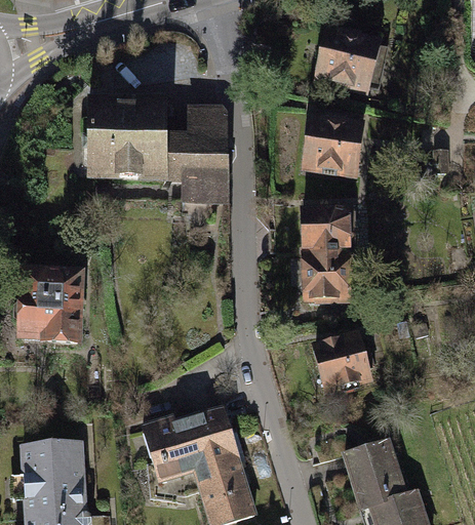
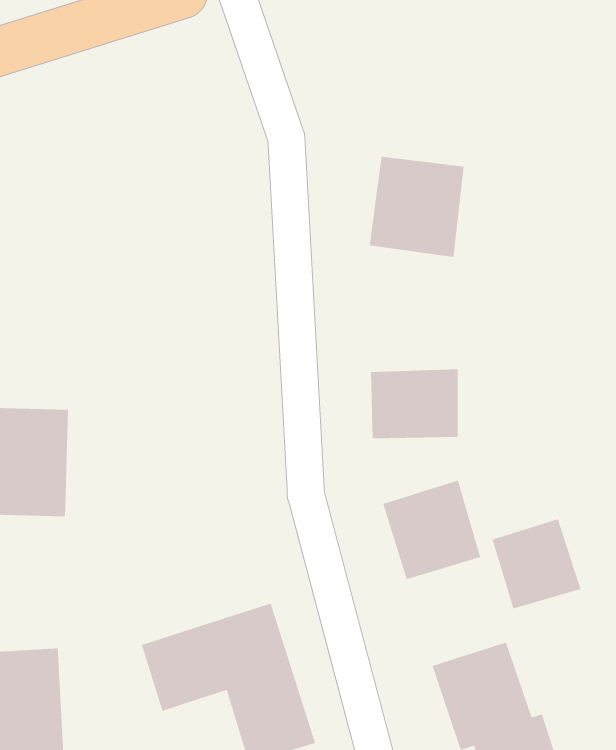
building: [309,21,380,93] -> none
building: [85,104,227,186] -> none
building: [299,206,359,254] -> none
building: none -> [491,518,582,610]

